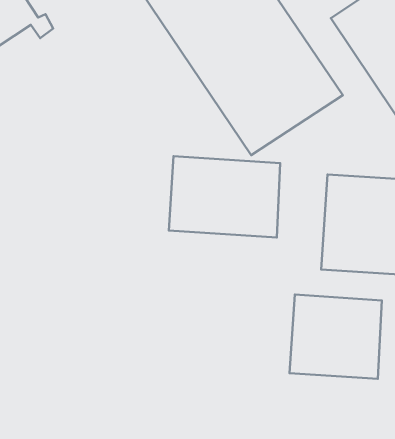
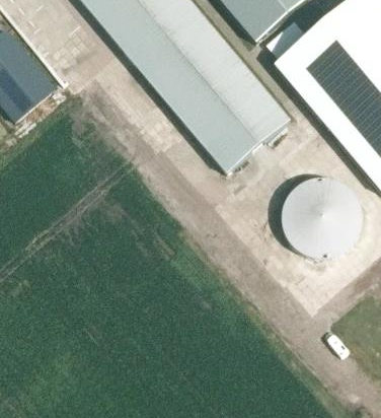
building: [169,156,280,238] -> none
building: [290,295,382,379] -> none

